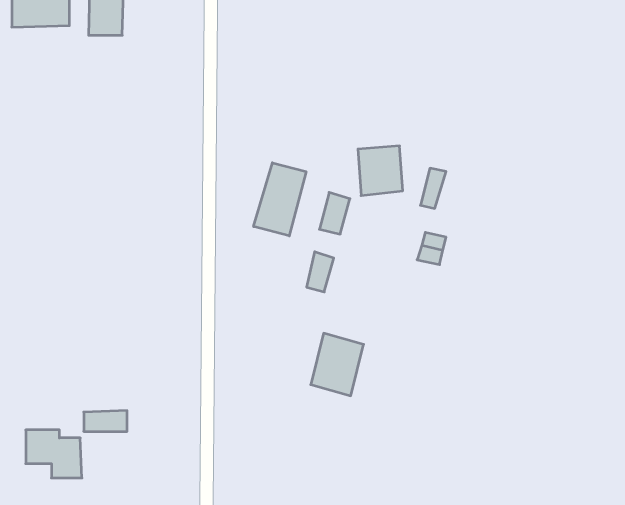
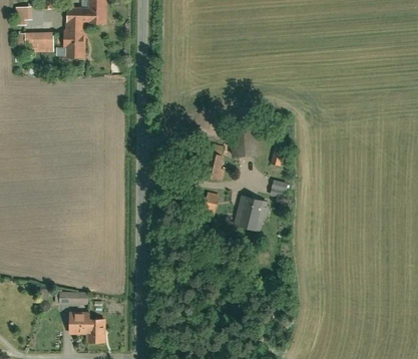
building: [254,163,306,236] -> none
building: [311,333,364,396] -> [235,195,268,234]
building: [26,430,82,478] -> [71,312,106,342]

